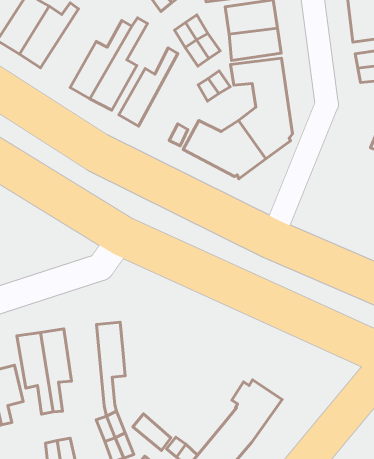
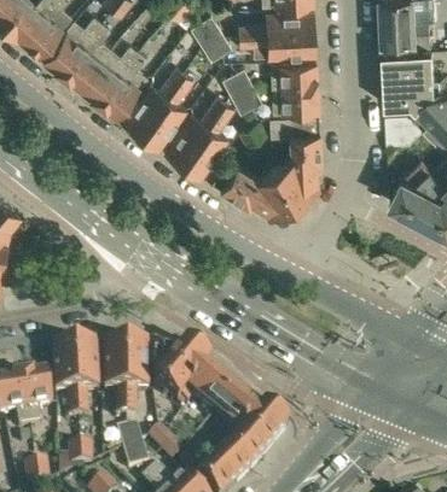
building: none -> [97,51,147,116]
building: none -> [181,100,233,175]
building: none -> [152,340,255,440]
building: none -> [104,340,126,415]

